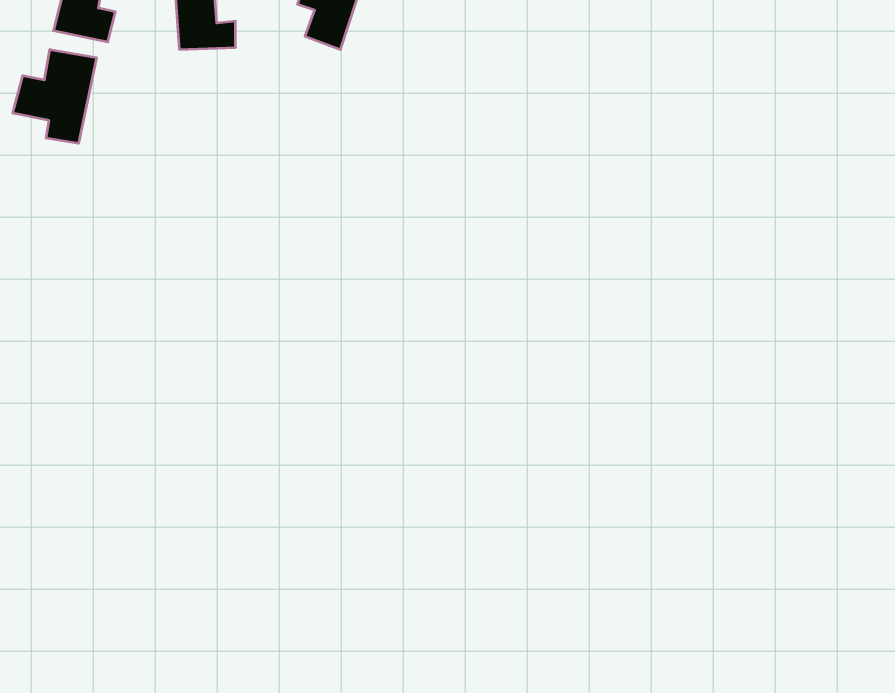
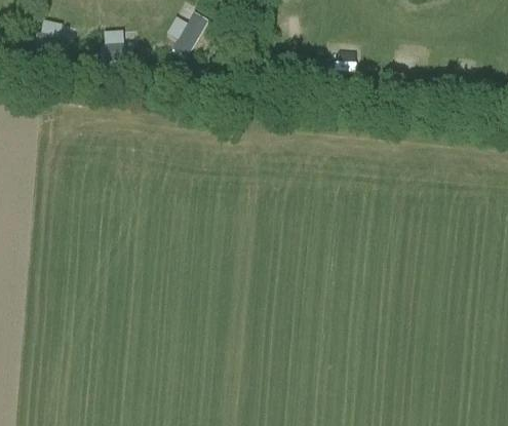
building: [13,49,96,143] -> none

